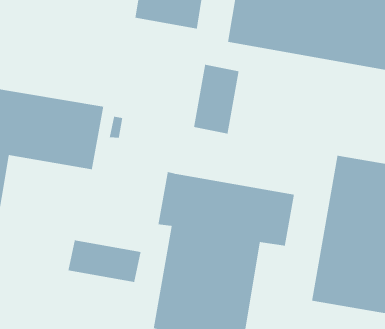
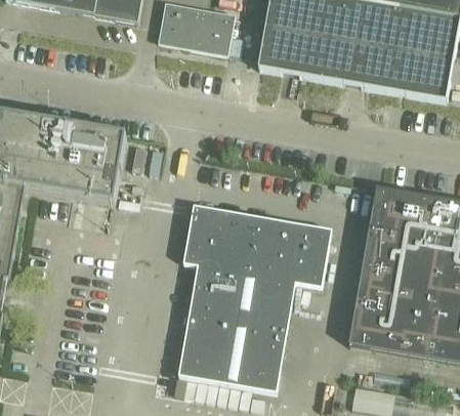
building: [193,64,239,135] -> none
building: [67,239,142,283] -> none

